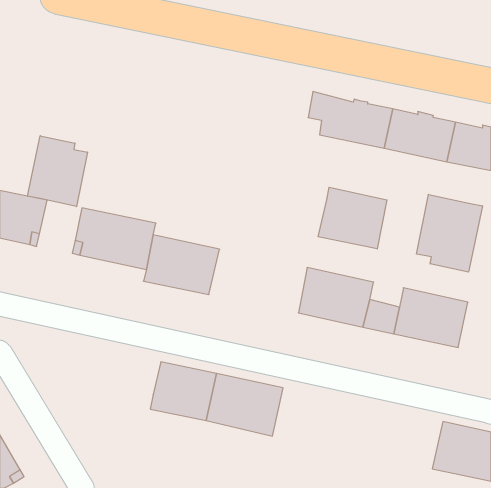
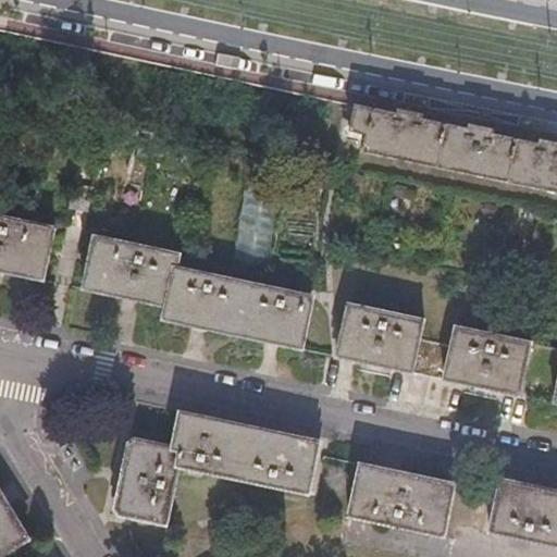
building: [28,136,87,207] -> none
building: [318,187,387,249] -> none
building: [417,194,482,272] -> none
building: none -> [236,282,311,347]
building: none -> [111,436,173,521]
building: none -> [348,462,454,534]

